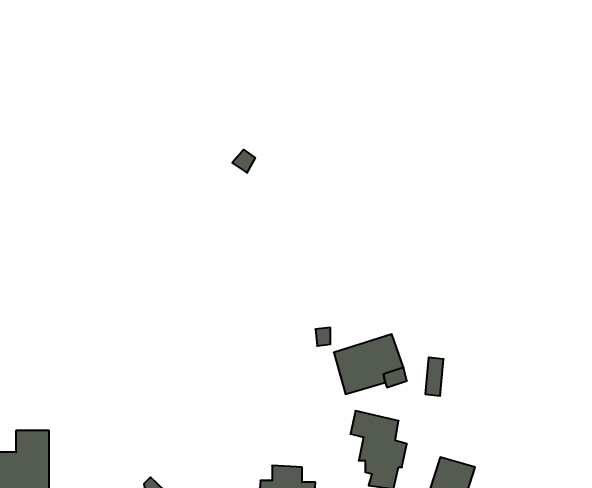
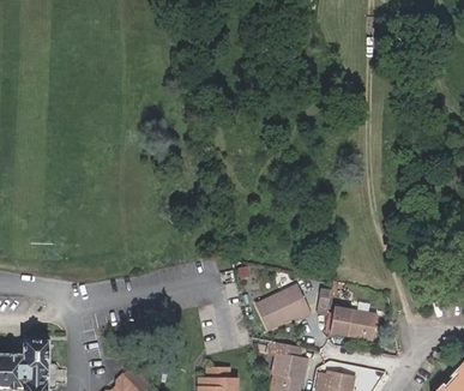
building: none -> [335,296,380,331]

